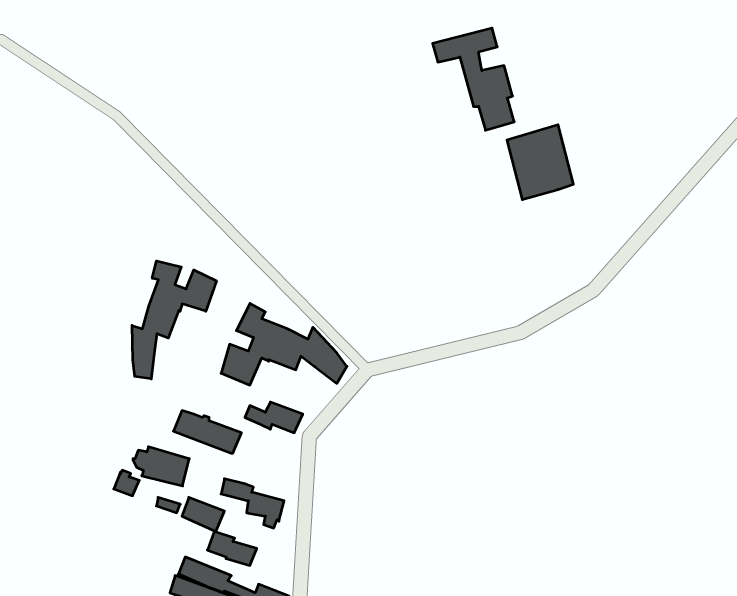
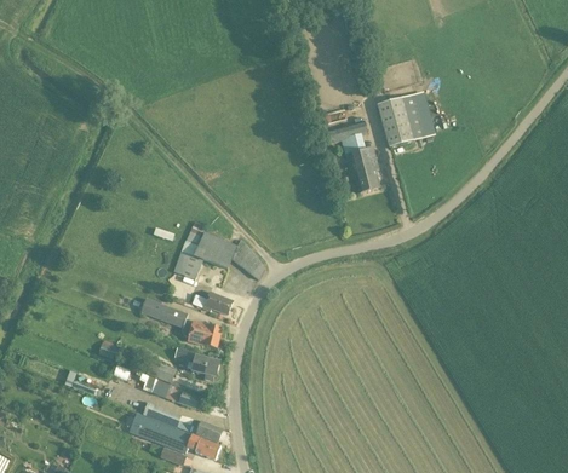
building: [433,28,514,130] -> [321,120,379,192]
building: [132,261,216,379] -> none
building: [133,447,189,486] -> [180,319,220,347]

